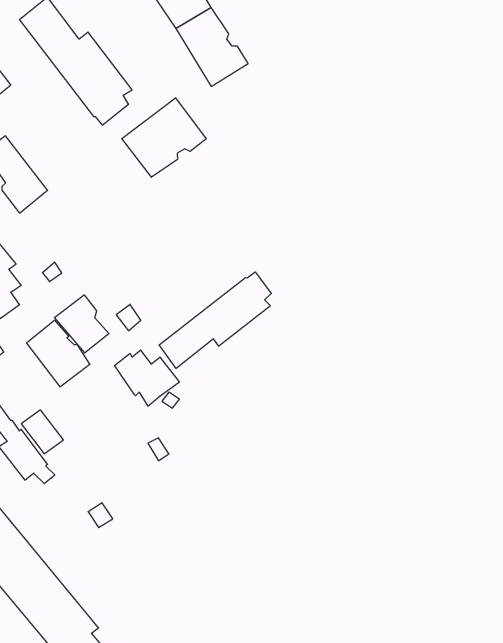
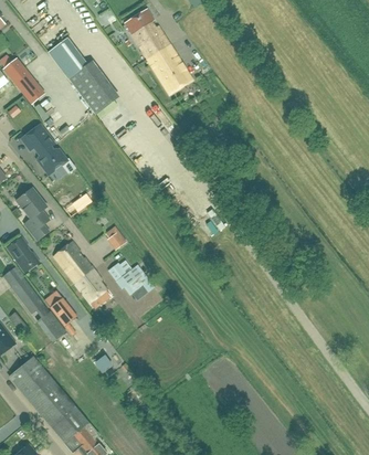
building: [122,98,206,177] -> none
building: [159,272,271,368] -> none
building: [54,295,109,353] -> [74,268,108,305]

